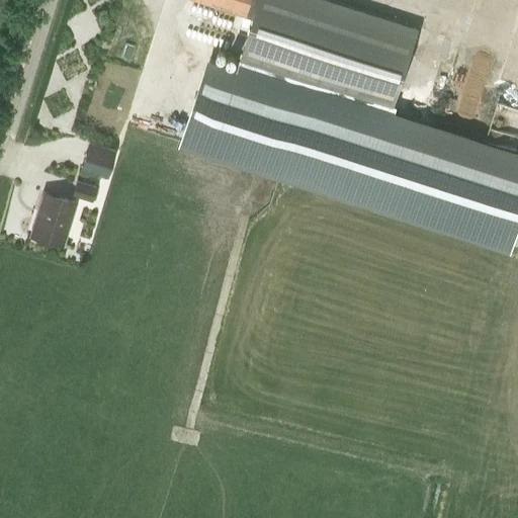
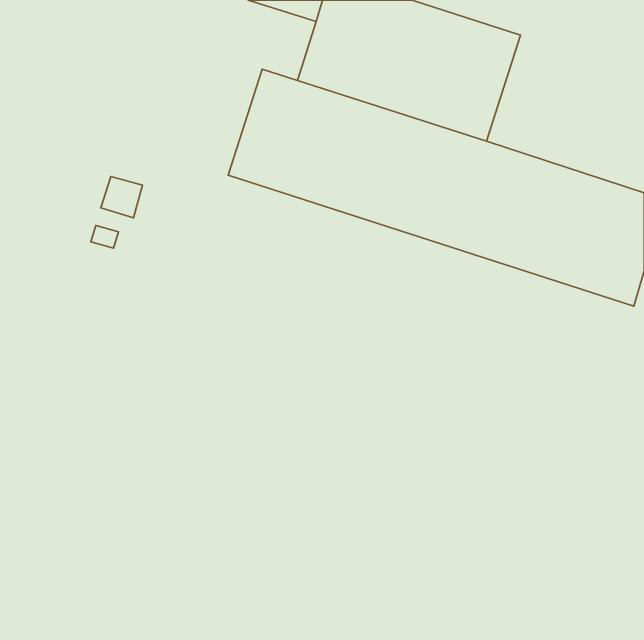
building: [31,194,75,247] -> none

